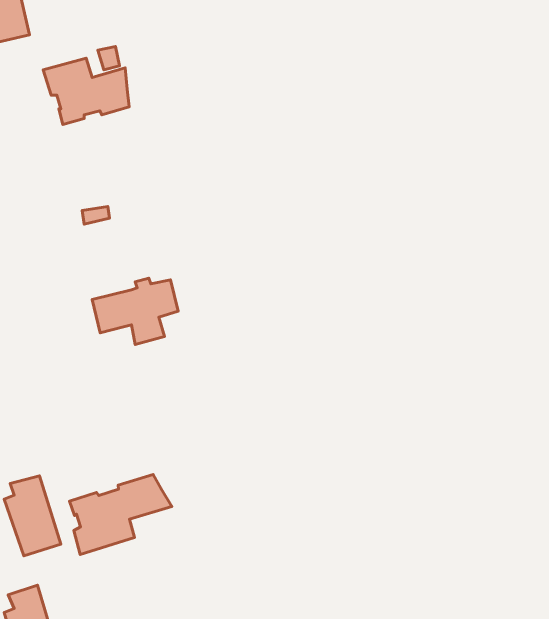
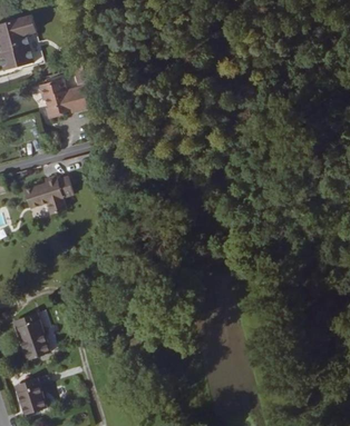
building: [92,278,178,344] -> [26,174,75,211]
building: [70,474,172,555] -> none

